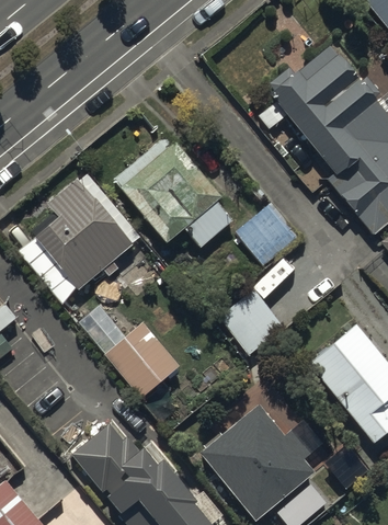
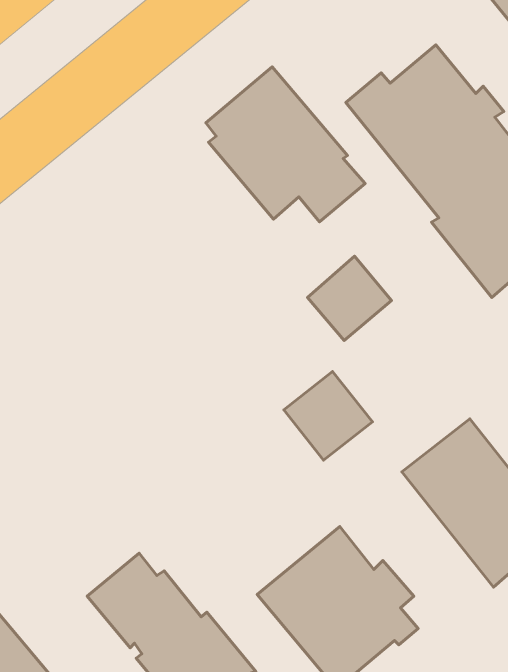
building: [116,135,235,250] -> [206,67,365,222]
building: [38,175,137,284] -> none
building: [104,326,179,400] -> none

